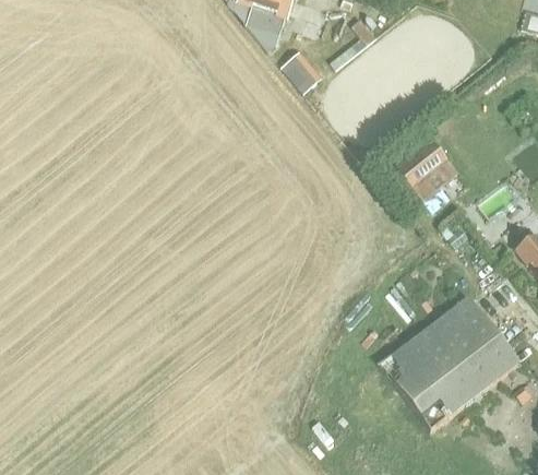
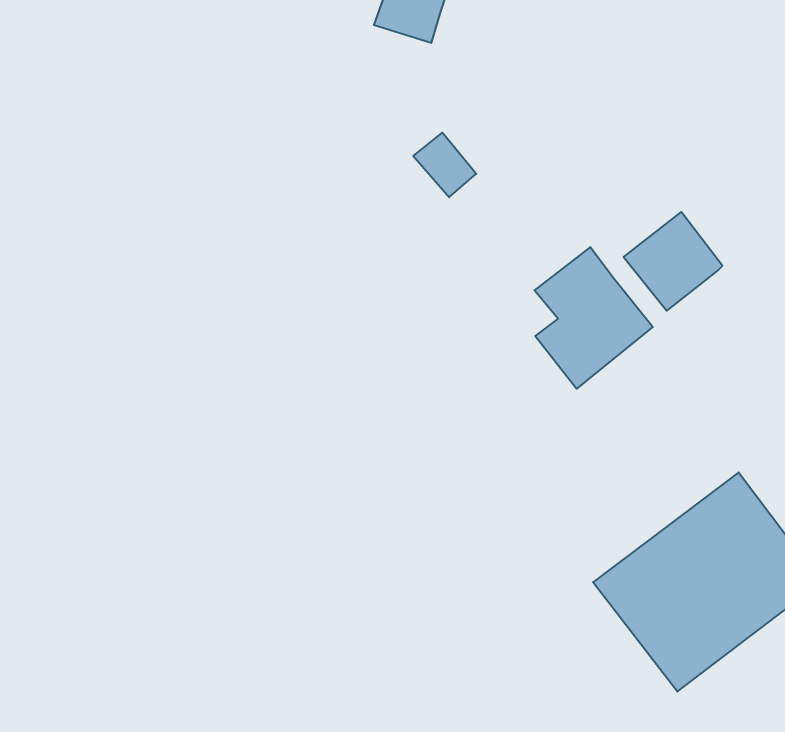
building: [283,51,321,91] -> [413,133,476,197]
building: none -> [534,247,653,389]

